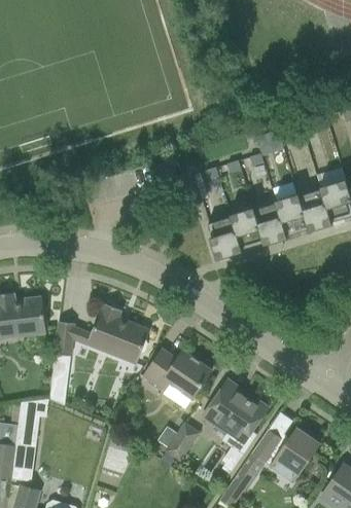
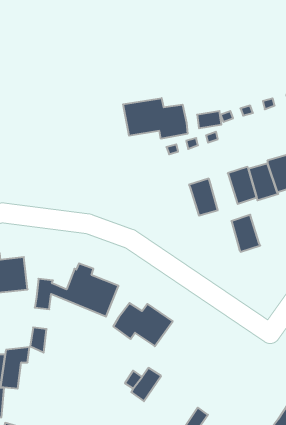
building: none -> [123,98,188,139]
building: [254,203,287,245] -> [231,215,260,252]
building: [208,216,243,259] -> none
building: [203,385,268,455] -> none
building: [251,428,319,474] -> none

